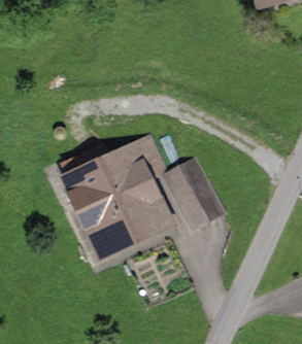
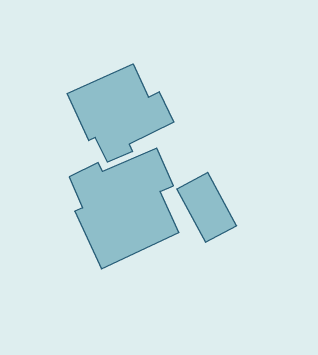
building: none -> [67,64,174,162]

